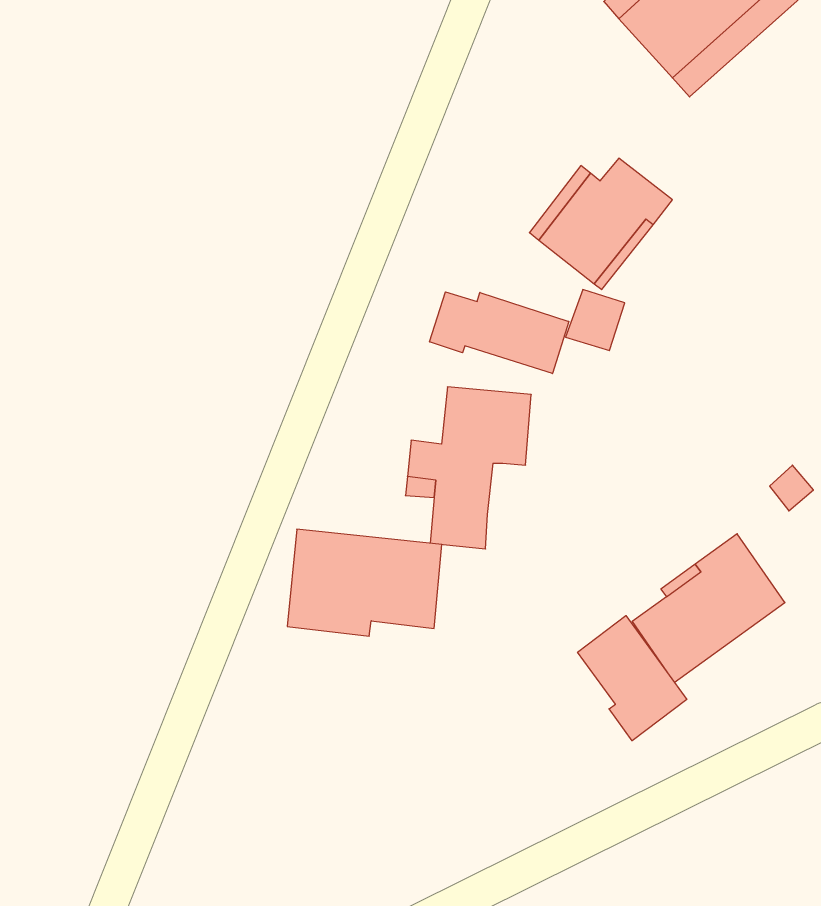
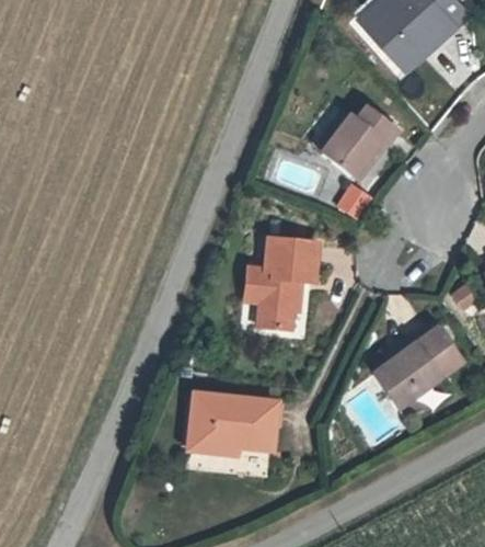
building: [430,292,569,374] -> none
building: [287,529,442,636] -> [188,394,277,455]
building: [578,616,687,741] -> none

